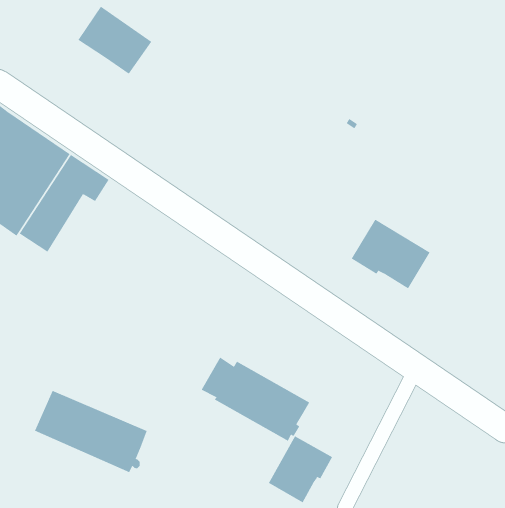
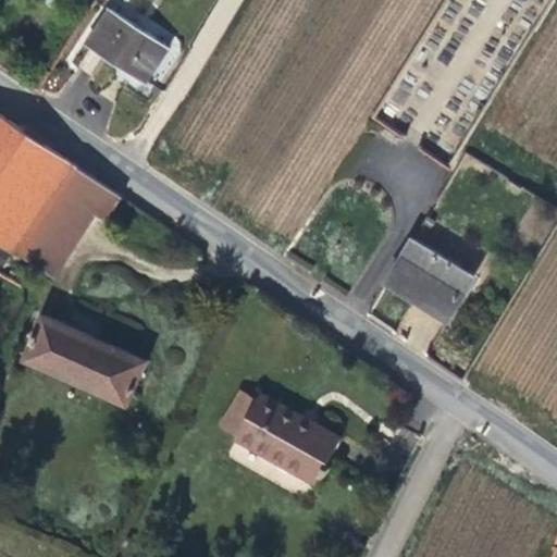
building: [34,390,147,473] -> [22,315,146,406]
building: [268,435,333,503] -> none

